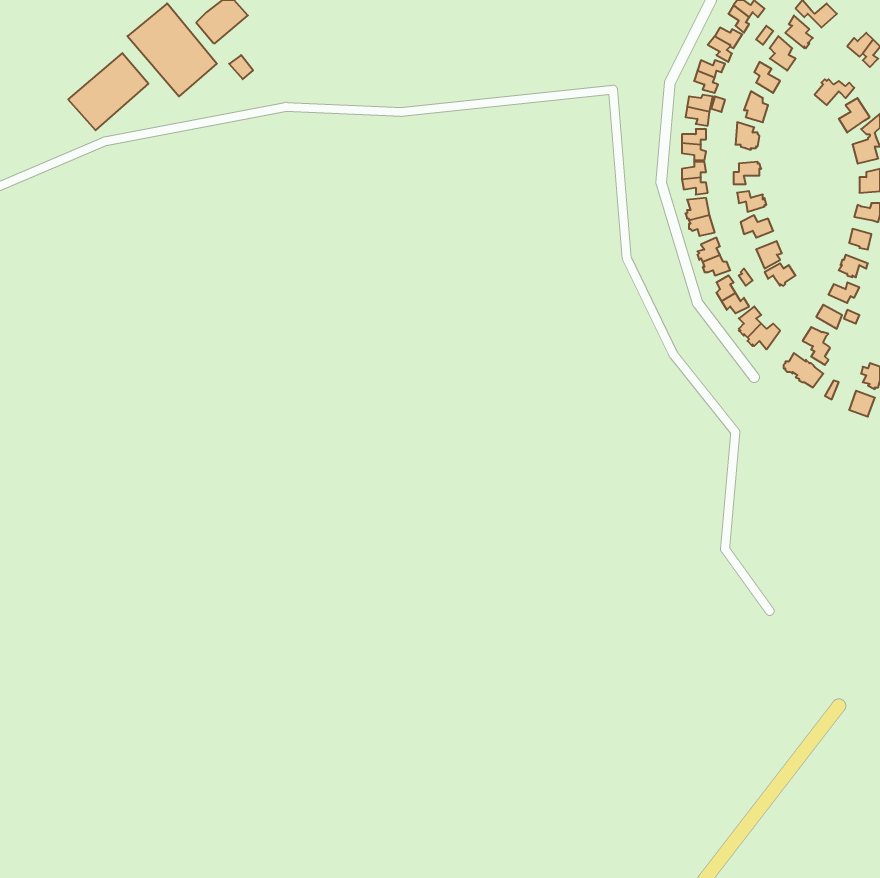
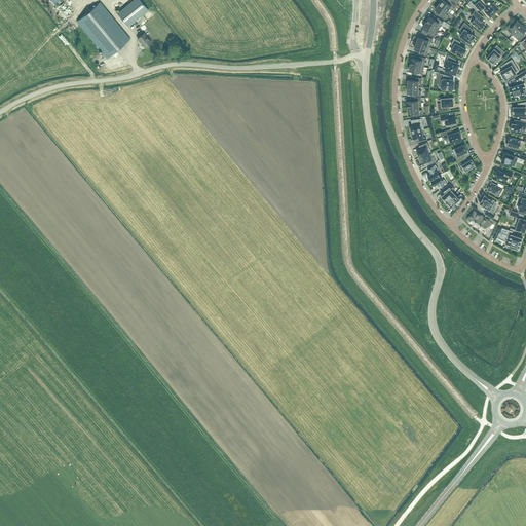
building: [68,53,148,130] -> none

